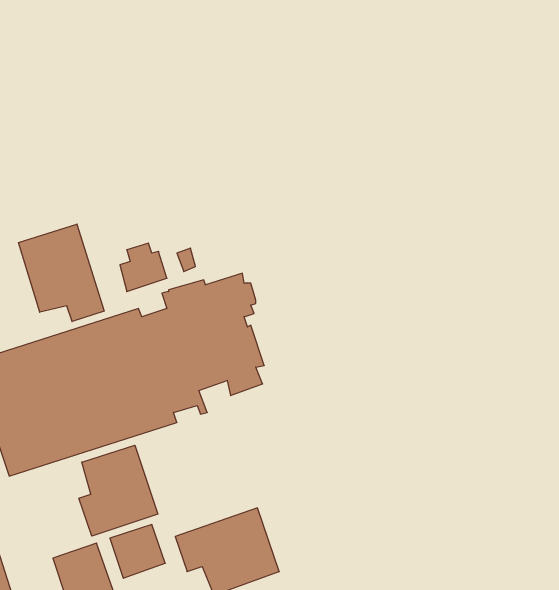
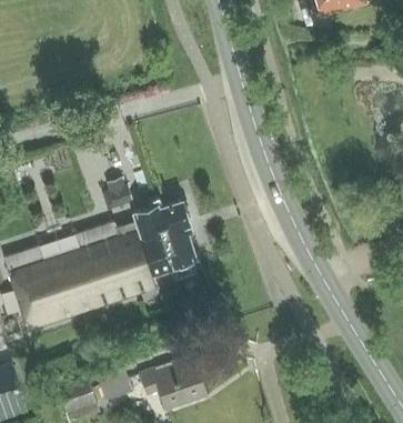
building: [19,224,104,322] -> none
building: [79,445,158,536] -> none

